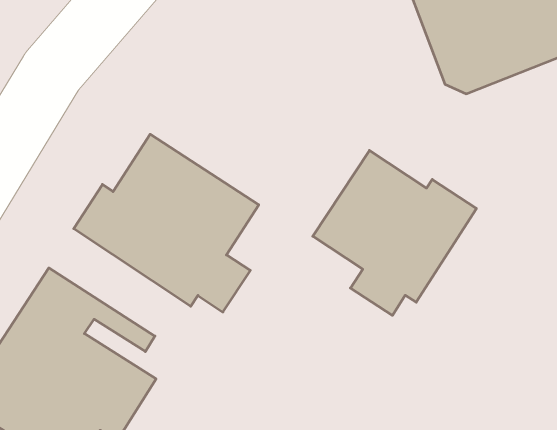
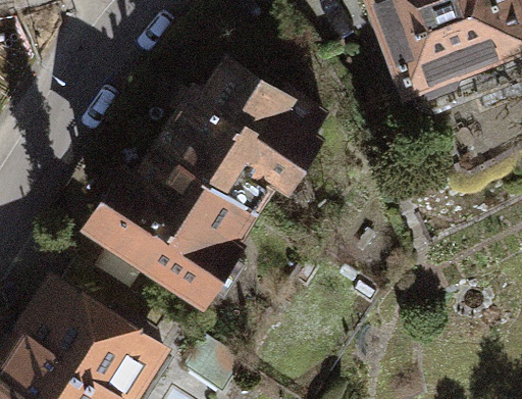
building: none -> [154,58,318,200]
building: [313,150,476,315] -> none

